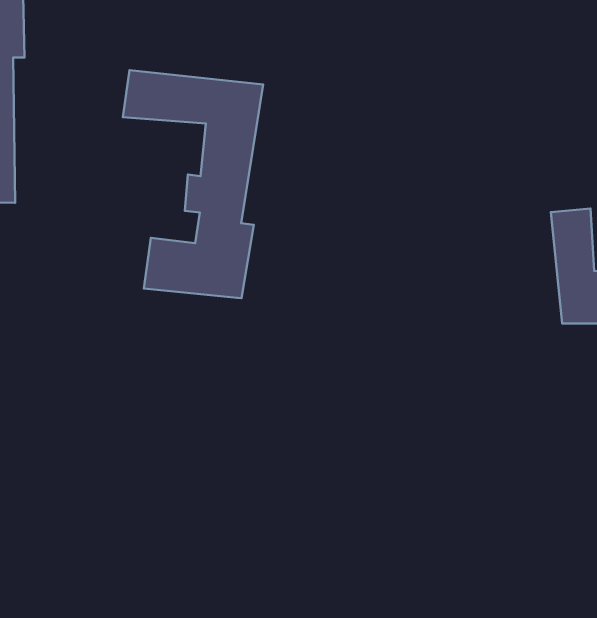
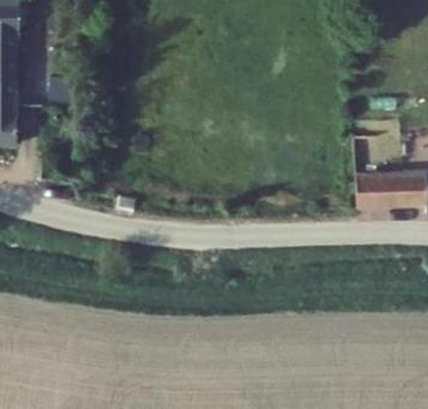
building: [123,70,263,298] -> none

